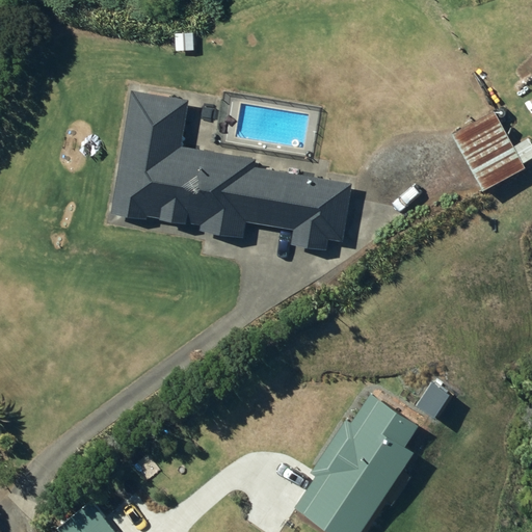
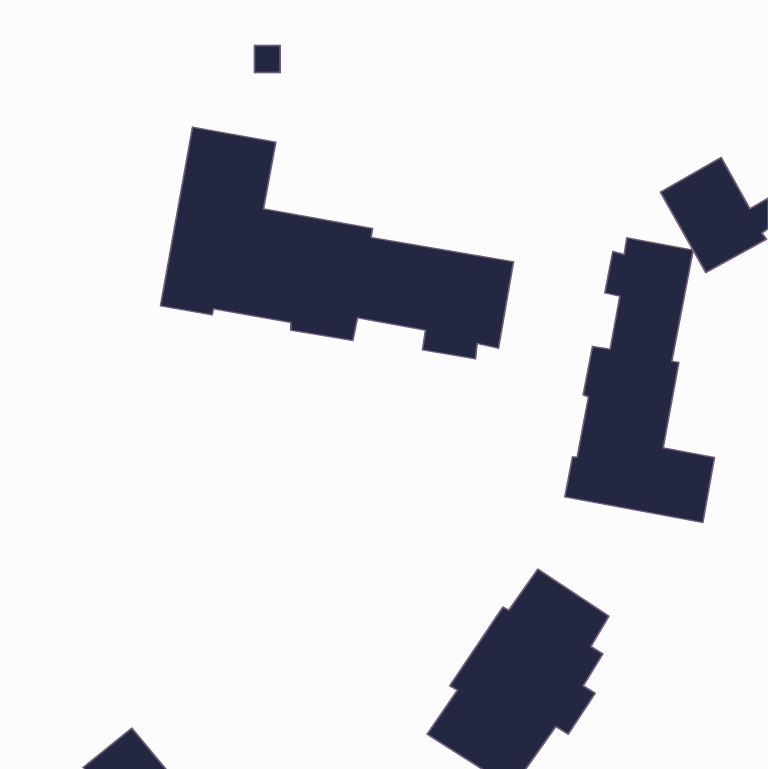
building: none -> [565,238,715,523]

